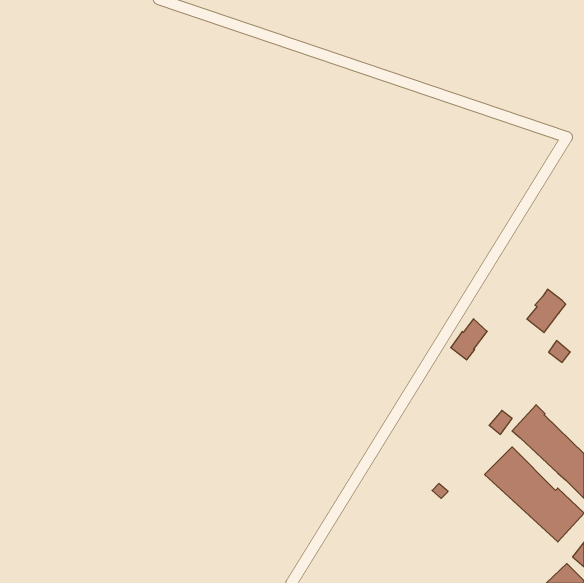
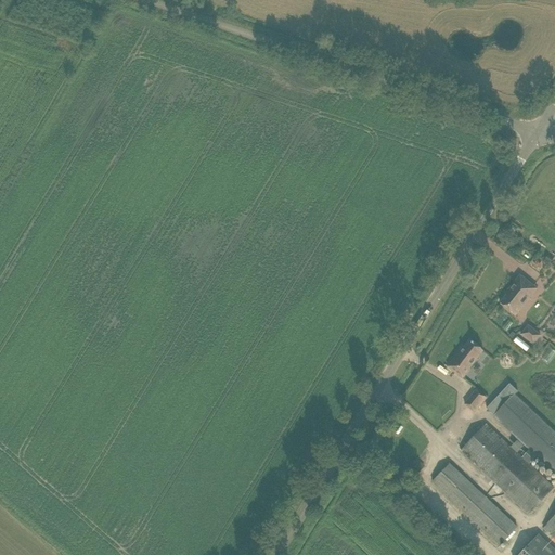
building: [451,319,487,360] -> [448,339,482,378]
building: none -> [433,463,516,545]

